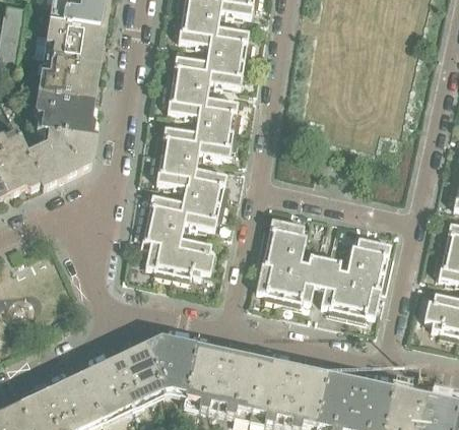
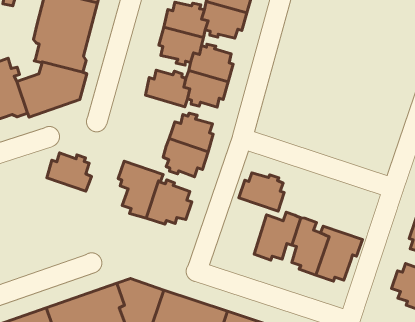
building: [153,152,197,188] -> none
building: [142,194,187,230] -> [47,153,92,191]
building: [348,235,393,273] -> none
building: [256,245,302,300] -> none

